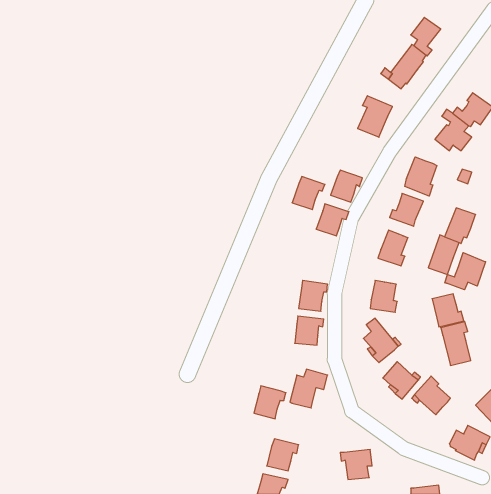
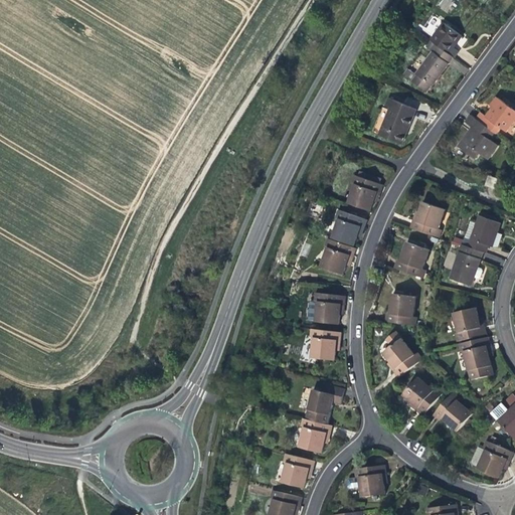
building: [405,157,437,196] -> none
building: [292,177,325,210] -> [321,240,355,275]
building: [445,253,486,290] -> none
building: [254,386,286,419] -> [300,419,333,454]

